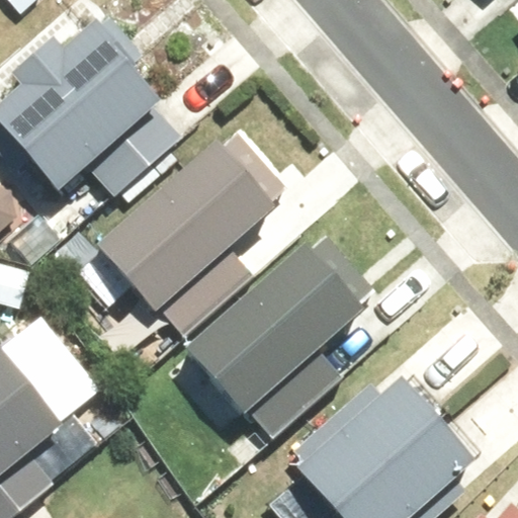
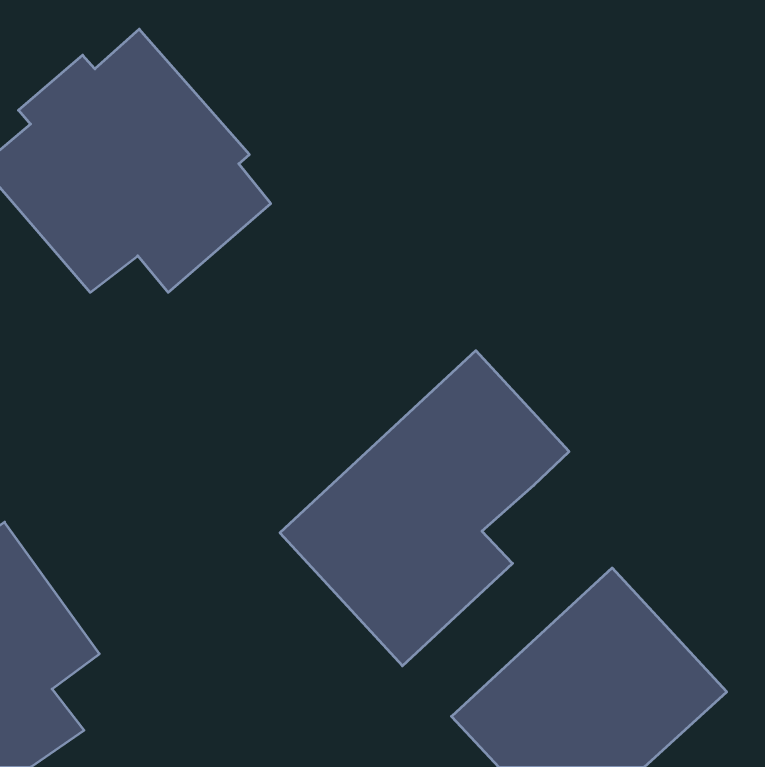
building: [96,121,284,334] -> none

